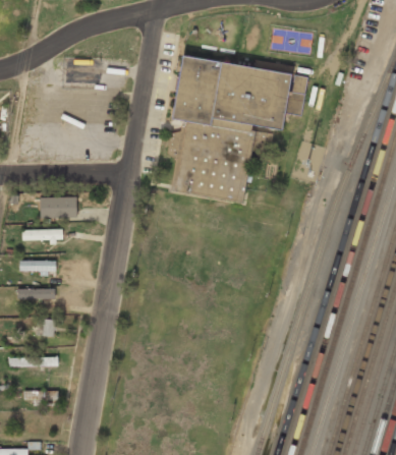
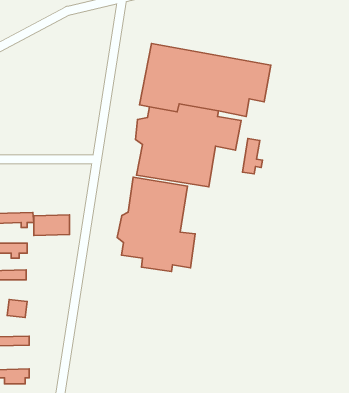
building: none -> [242,139,263,174]
building: none -> [117,177,195,272]
building: [39,196,75,218] -> [34,215,70,236]

